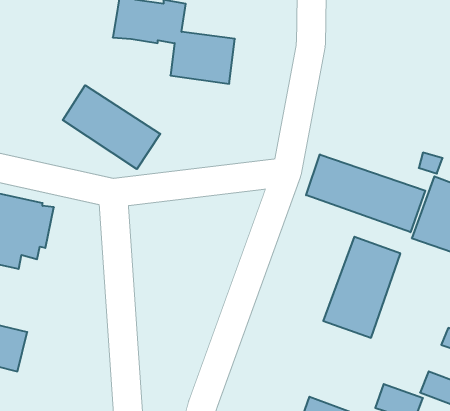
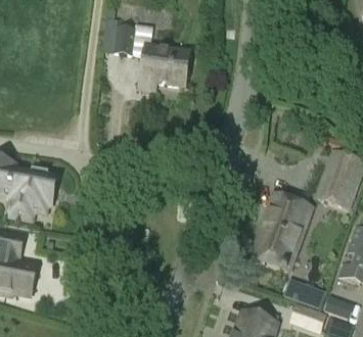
building: [63,85,160,169] -> none
building: [306,154,425,232] -> none
building: none -> [284,279,326,308]

